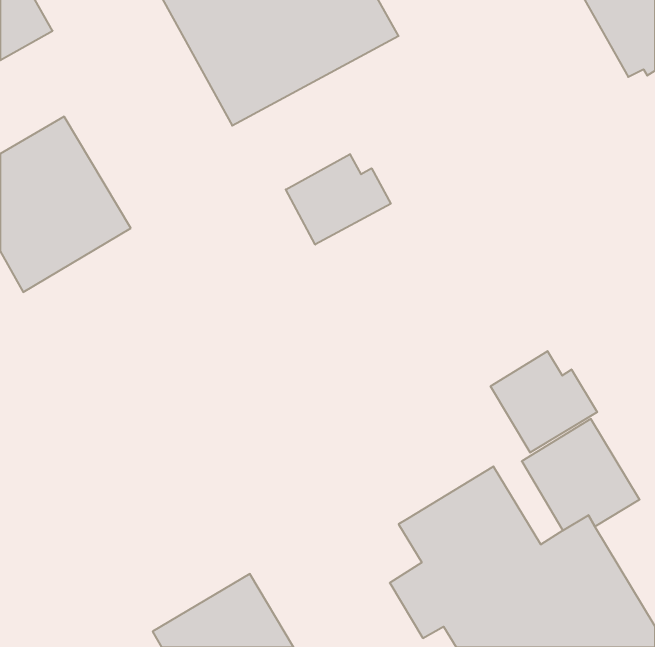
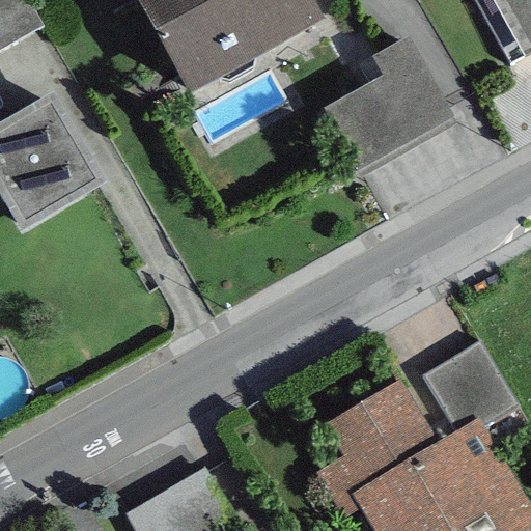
building: none -> [320,37,453,174]
building: [286,154,391,245] -> none
building: [491,351,597,453] -> none

